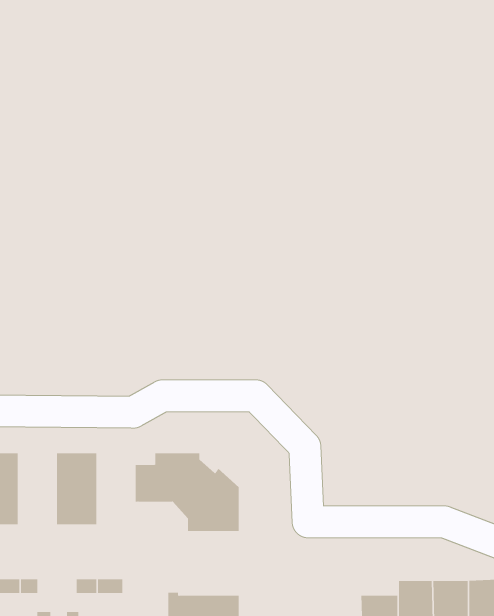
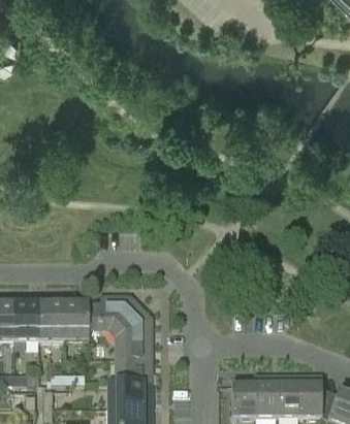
building: none -> [13,297,37,353]
building: none -> [63,297,89,343]
building: none -> [115,347,153,387]

